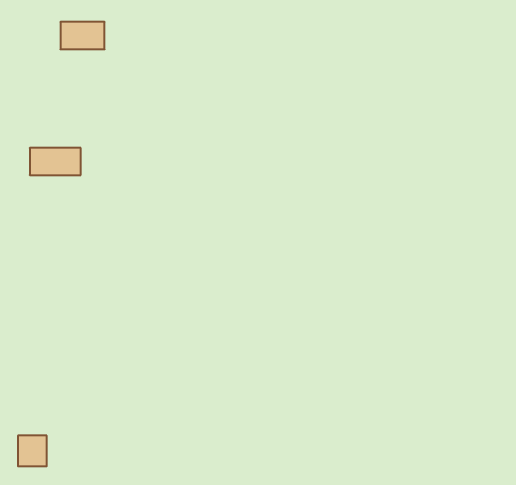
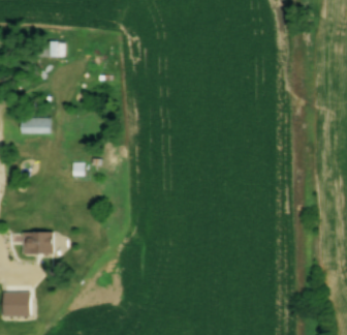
building: none -> [22,232,56,255]

